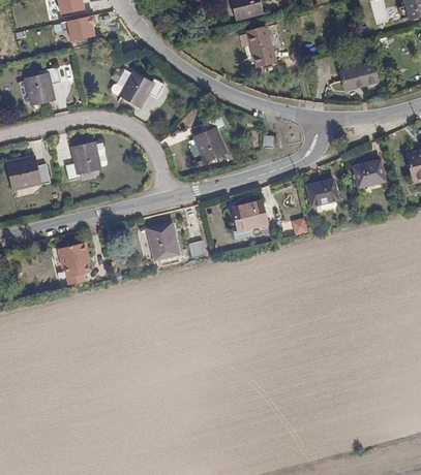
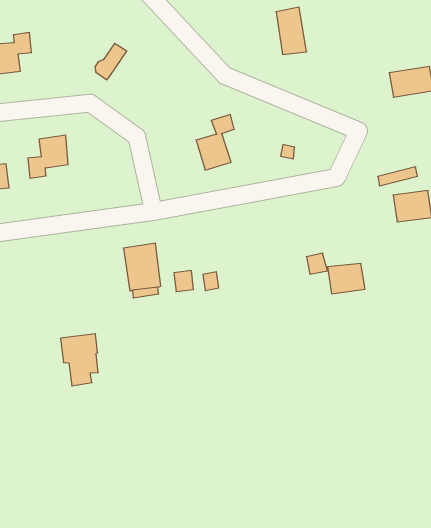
building: [122,74,163,105] -> none
building: [306,180,337,205] -> [328,264,365,294]
building: [231,200,266,231] -> none
building: [57,243,89,285] -> [61,334,98,386]

